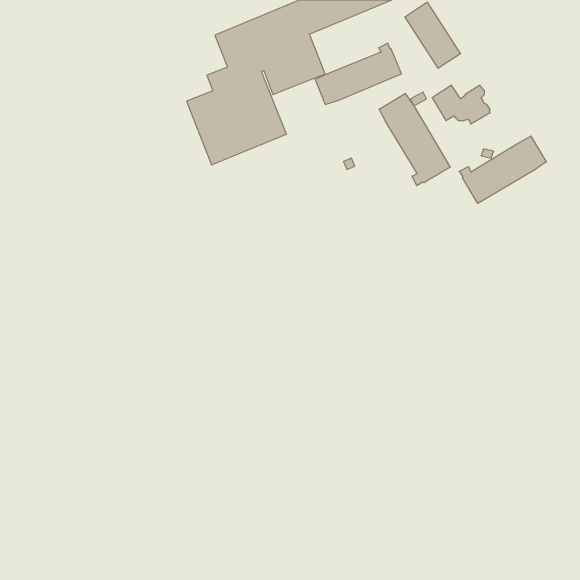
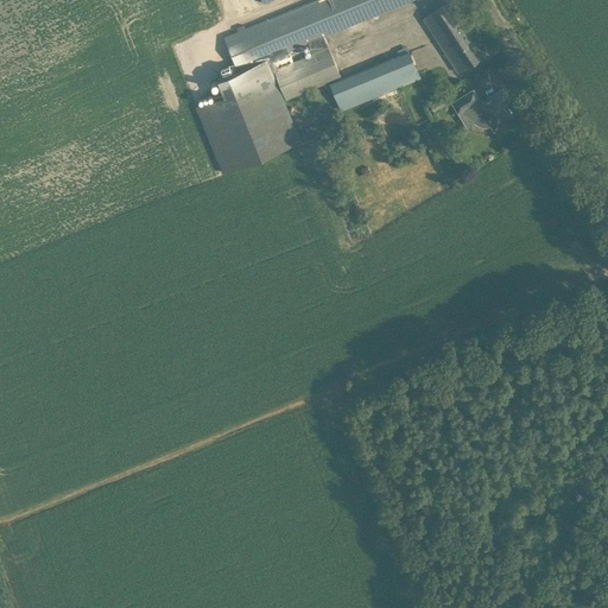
building: [379,93,450,186] -> none
building: [459,136,546,203] -> none

